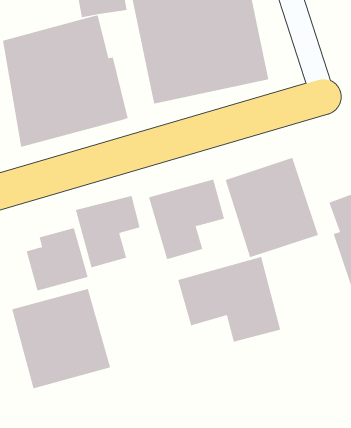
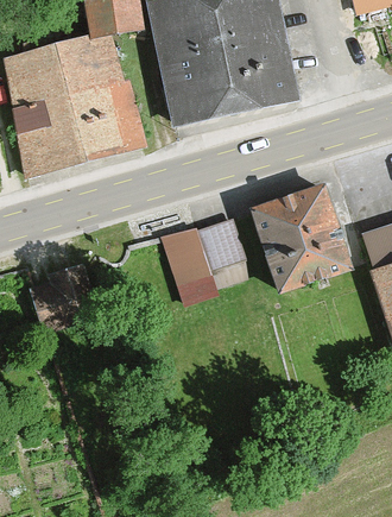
building: [75,195,140,268] -> none
building: [177,256,281,343] -> none
building: [12,288,111,389] -> none

